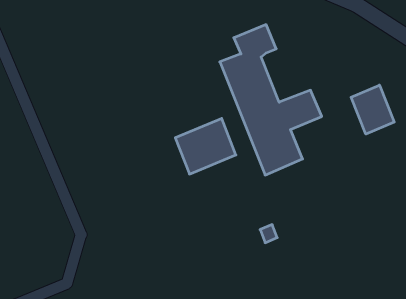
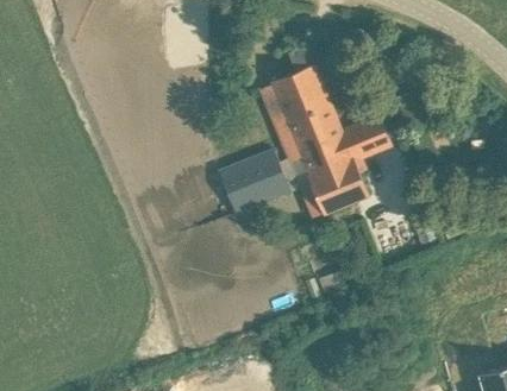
building: [351,85,394,134] -> none

